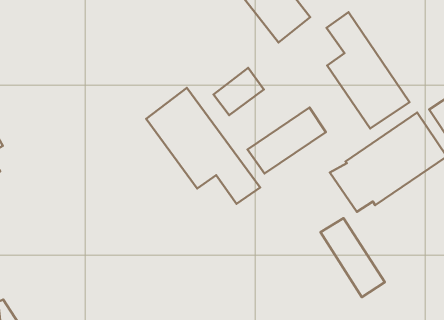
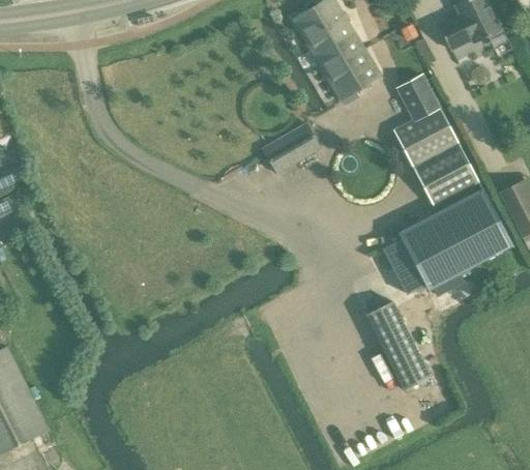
building: [146,88,260,204] -> none
building: [248,107,326,173] -> none

